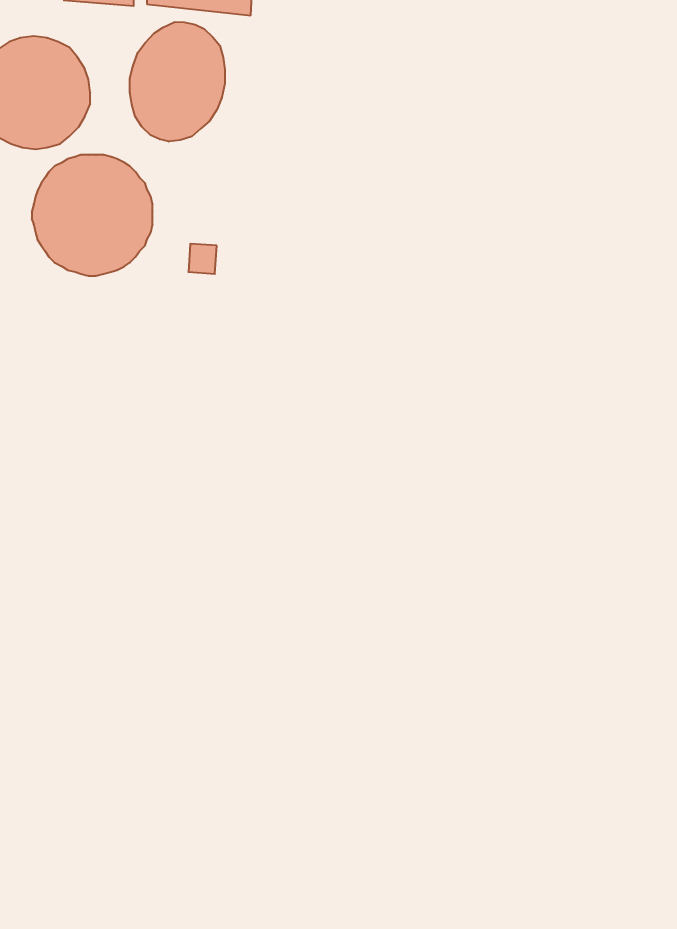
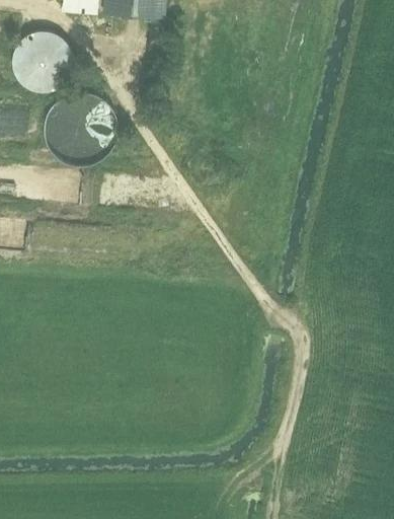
building: [130,22,225,142] -> none

